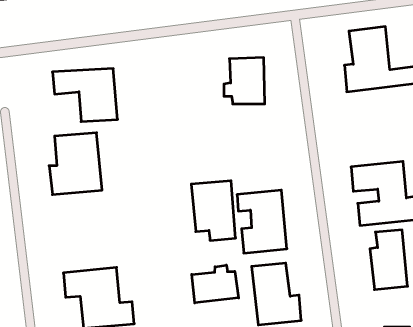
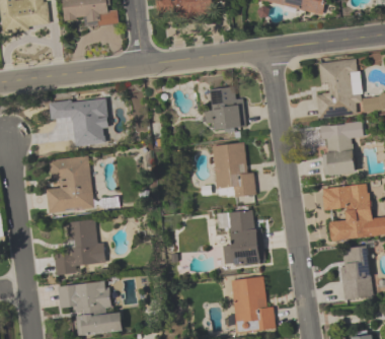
building: none -> [321,122,364,177]
building: [191,181,236,240] -> [212,142,252,197]
building: none -> [55,220,102,274]
building: [192,265,239,303] -> none

